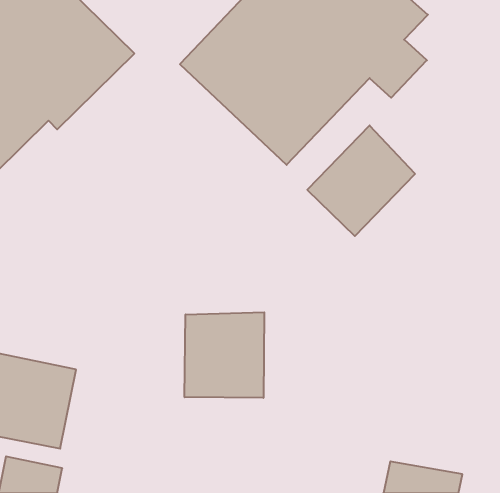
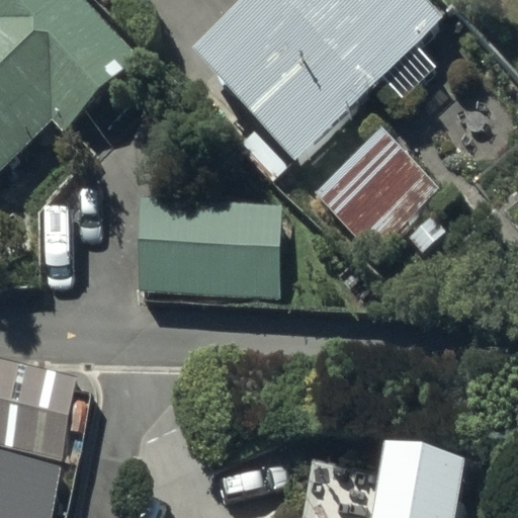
building: none -> [135,194,280,288]
building: [185,312,264,398] -> none

